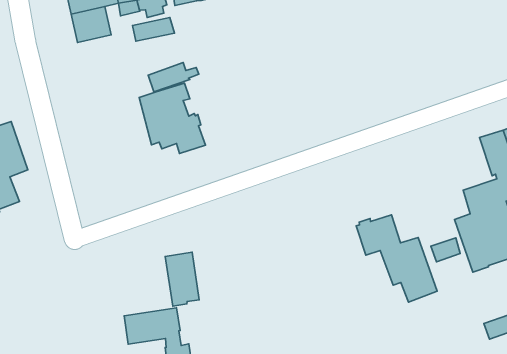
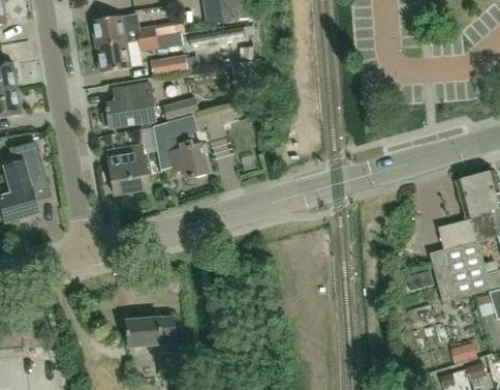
building: none -> [103,82,156,127]
building: none -> [107,144,153,194]
building: [356,215,437,302] -> none
building: [165,252,199,306] -> none

